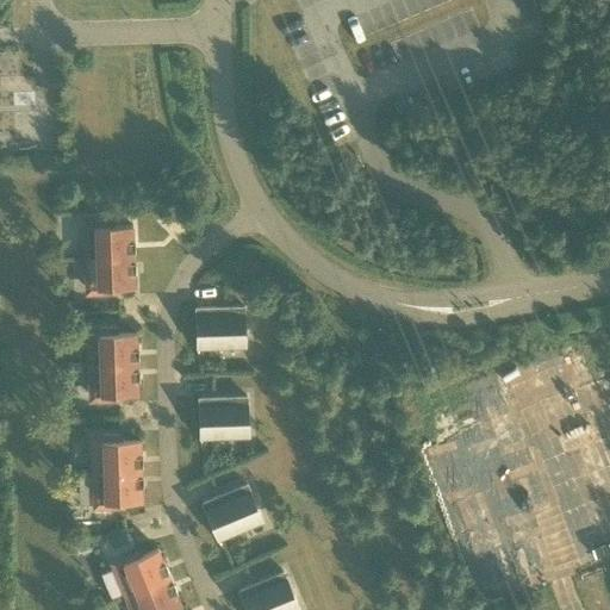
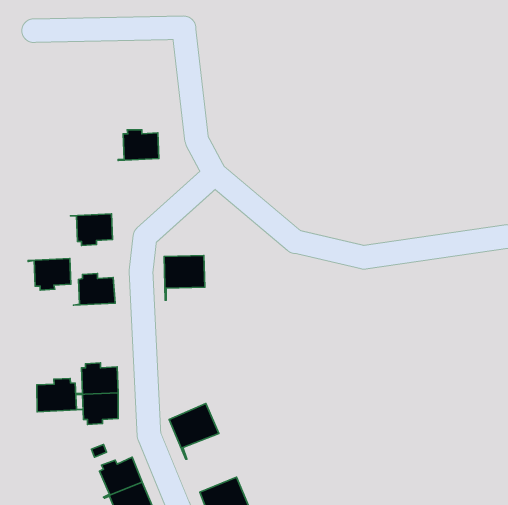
building: [85,225,133,262] -> [118,130,159,161]
building: [88,367,139,405] -> [28,258,71,290]
building: [199,400,249,453] -> none
building: none -> [37,379,83,412]

